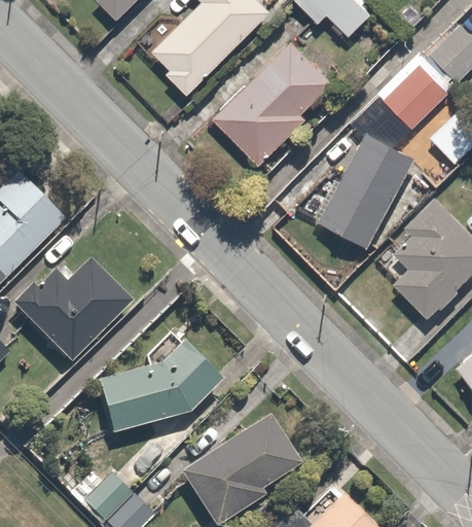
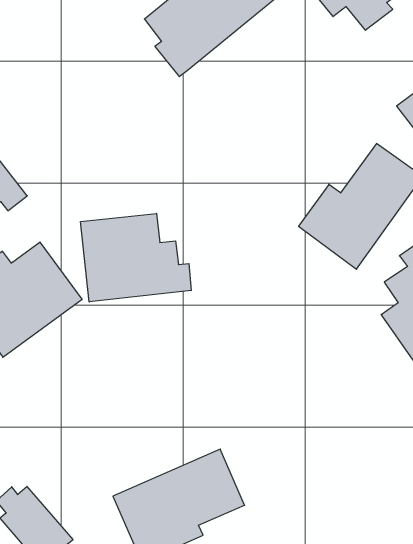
building: [214,36,343,163] -> none
building: none -> [81,213,191,302]
building: [97,344,215,434] -> none

